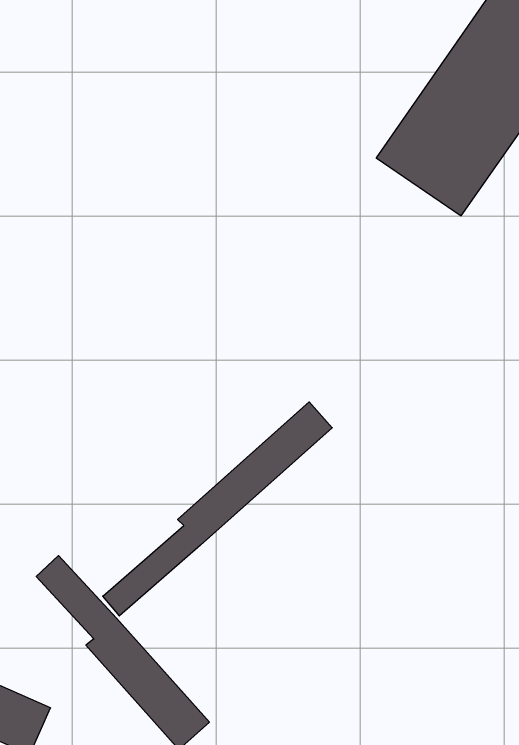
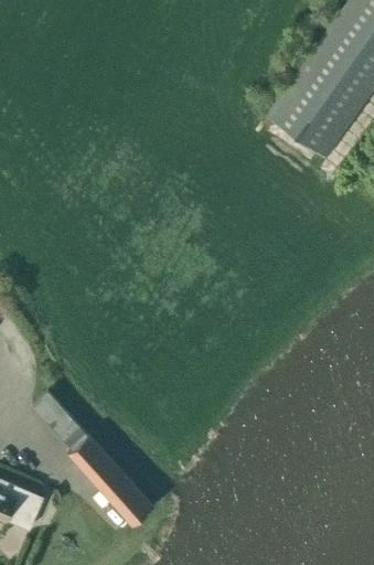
building: [103,402,332,616] -> none

